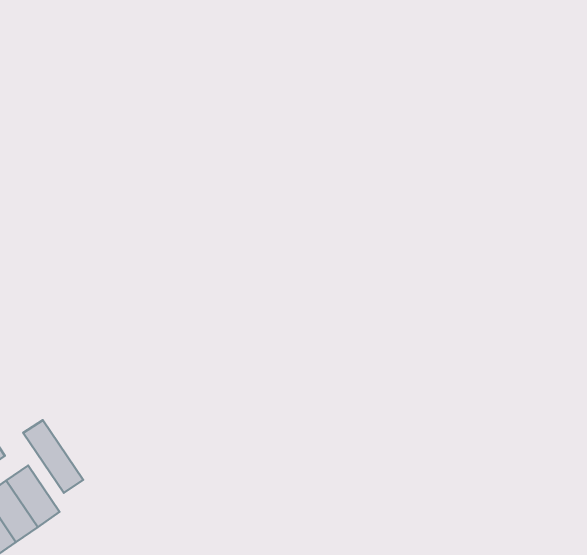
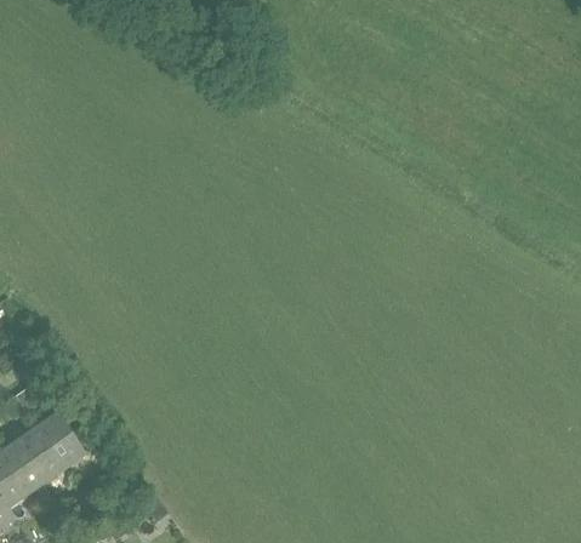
building: [23,420,83,493] -> none

